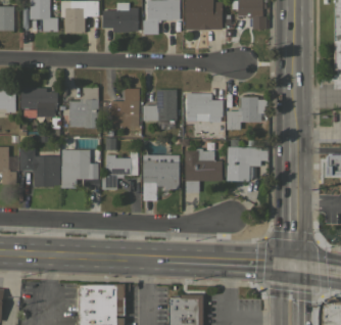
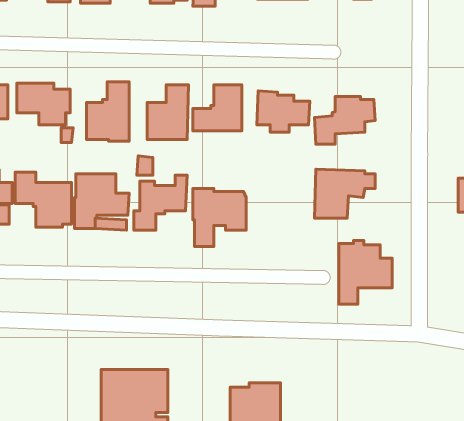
building: [185,148,222,192] -> [339,240,392,304]

